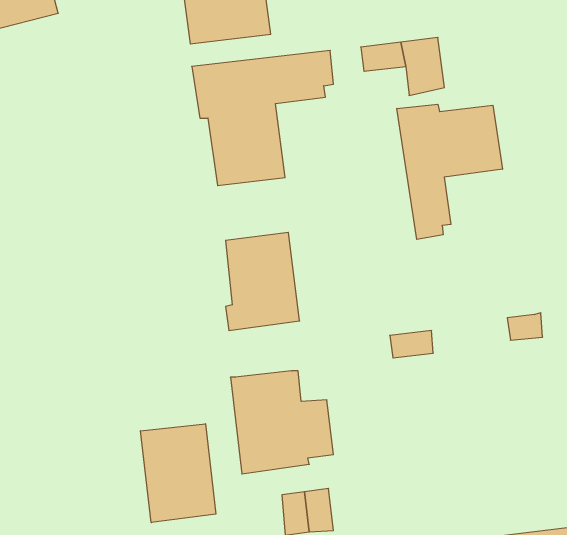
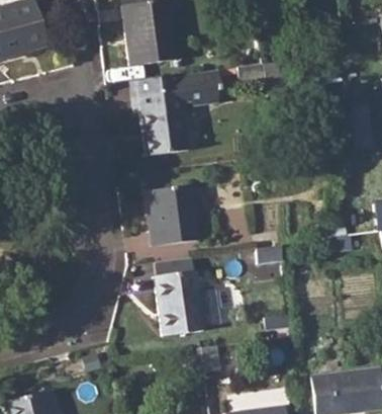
building: [397,104,502,239] -> none
building: [141,424,216,523] -> none

